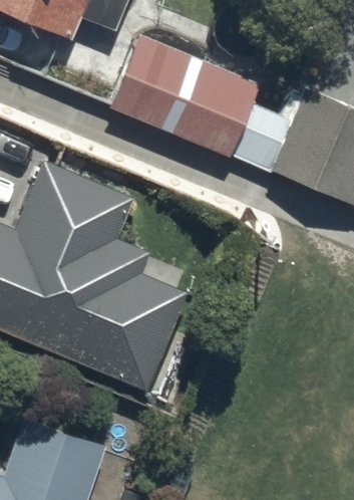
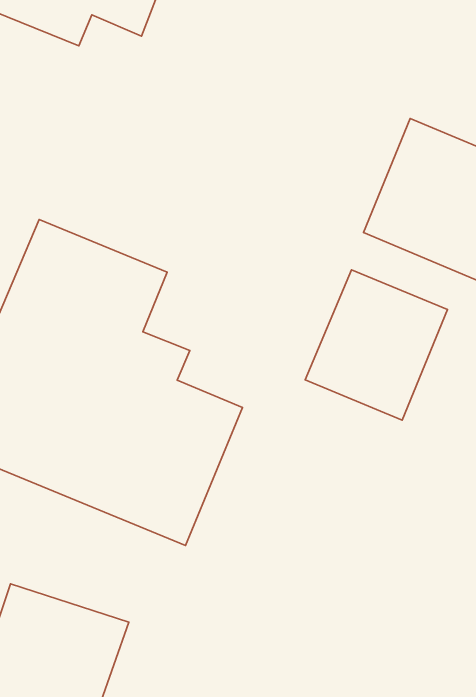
building: [110,35,259,156] -> none
building: none -> [305,270,448,420]

